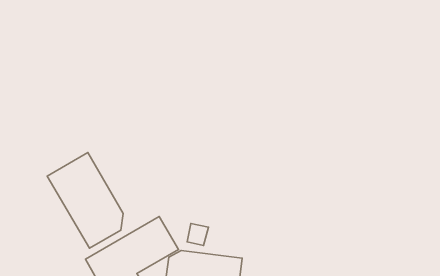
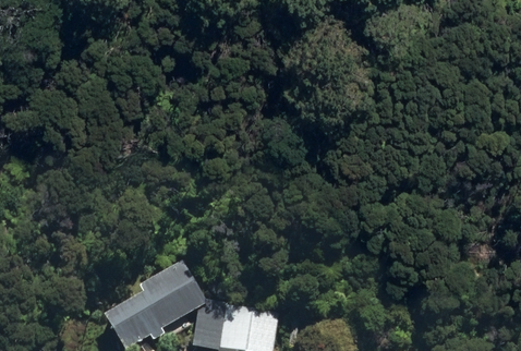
building: [47,152,123,248] -> none

